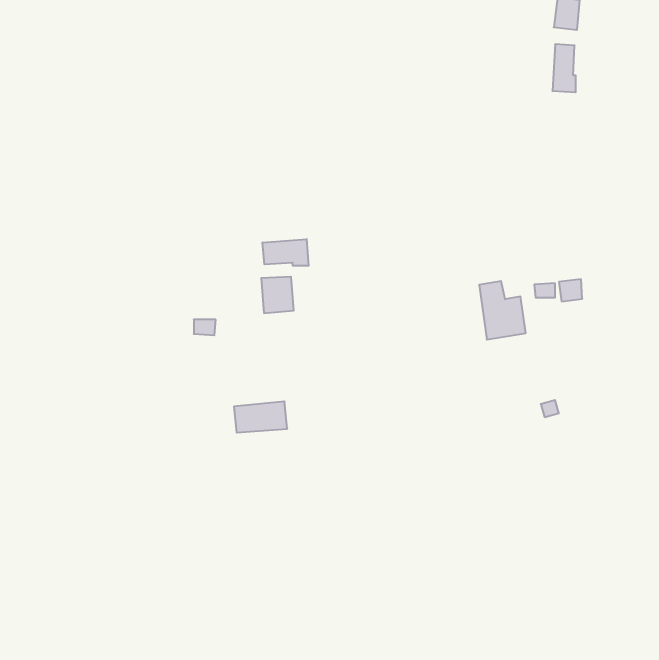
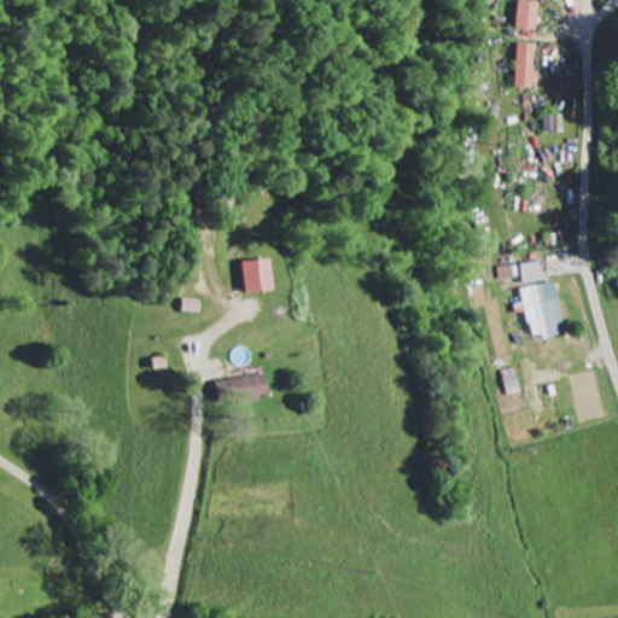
building: [263,239,309,266] -> none
building: [479,281,526,340] -> [521,282,565,337]

